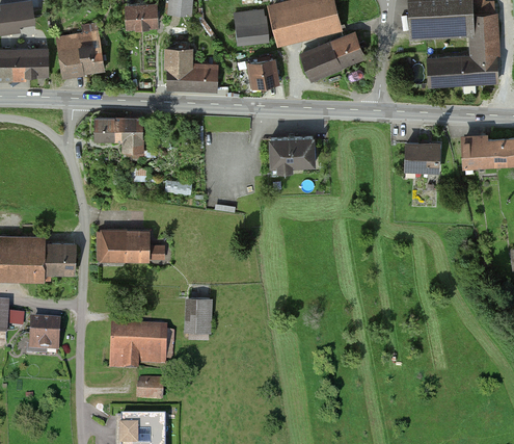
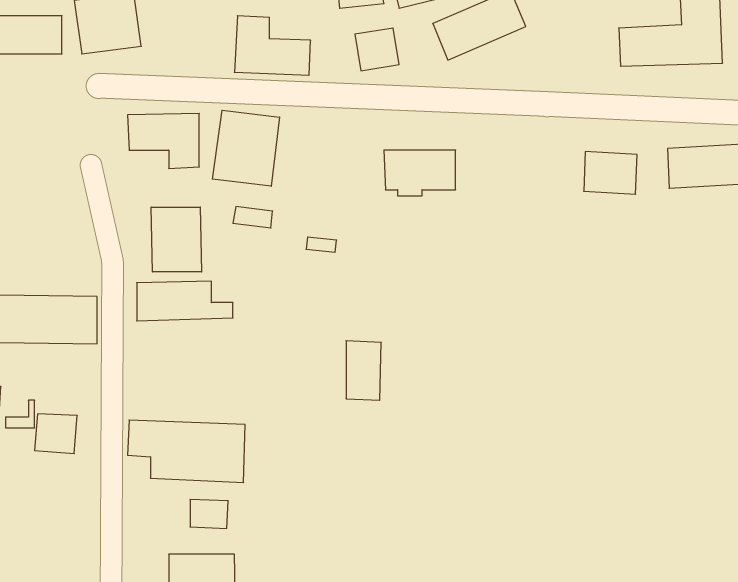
building: none -> [212,110,280,186]
building: none -> [151,207,202,272]
building: [186,298,210,339] -> [346,341,381,400]

